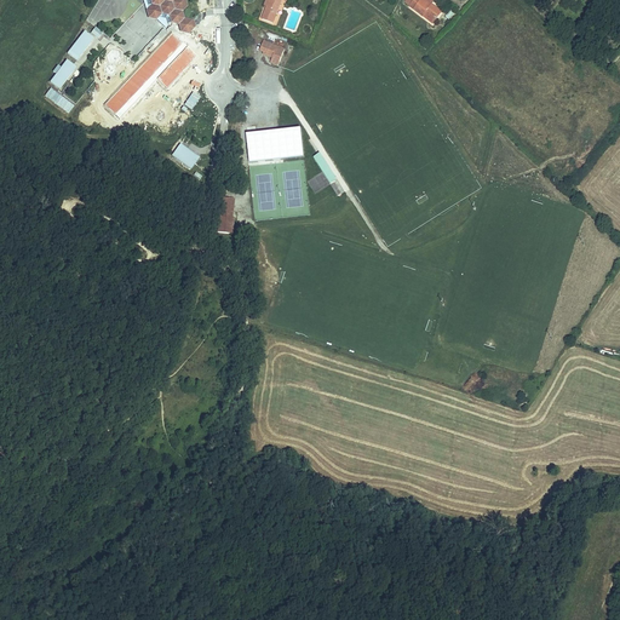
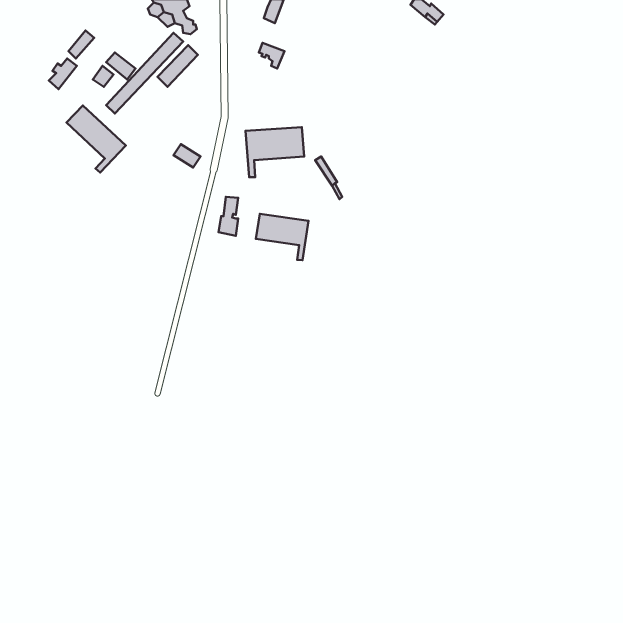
building: none -> [67,106,126,173]
building: none -> [256,214,308,260]

